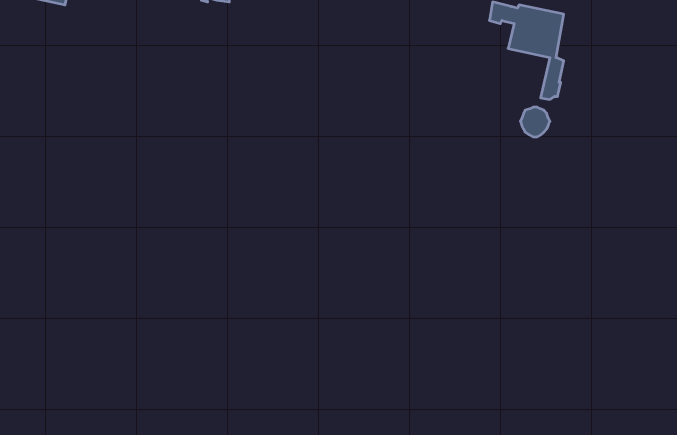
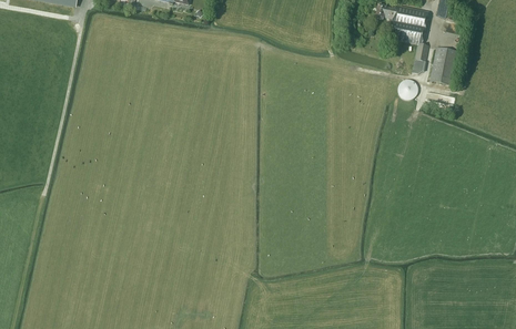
building: none -> [429,47,458,85]

